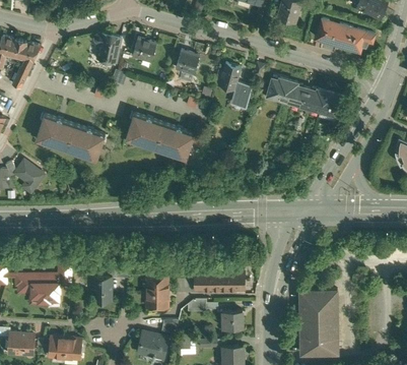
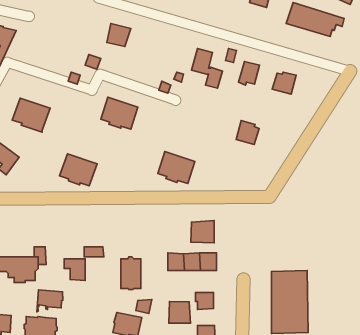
building: [94,35,122,63] -> none
building: [177,51,200,75] -> none
building: [283,81,307,106] -> [236,121,259,145]
building: [321,92,342,119] -> none
building: [157,124,195,157] -> [158,152,195,183]
building: [67,125,106,158] -> [59,154,97,186]
building: none -> [191,221,214,243]
building: none -> [37,290,63,312]
building: none -> [169,301,191,323]

